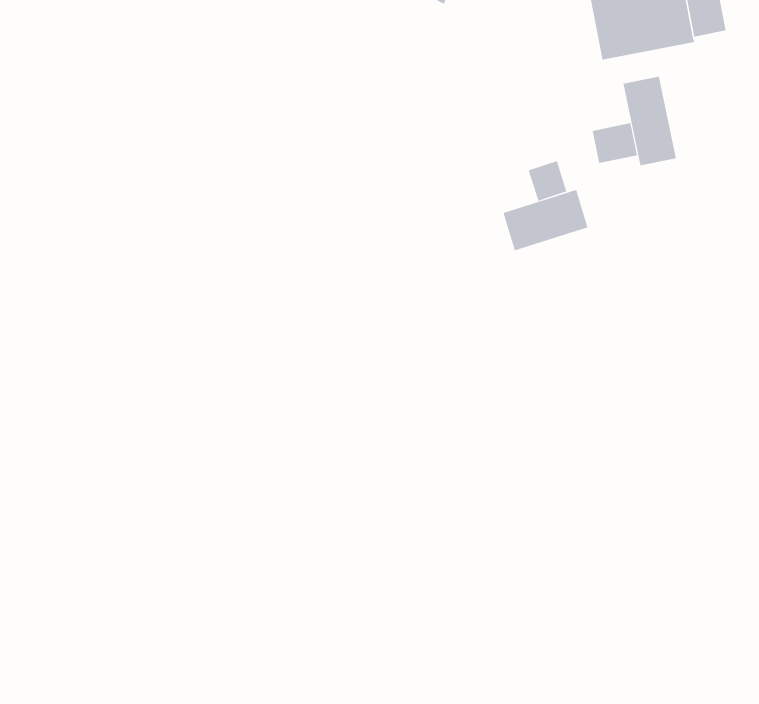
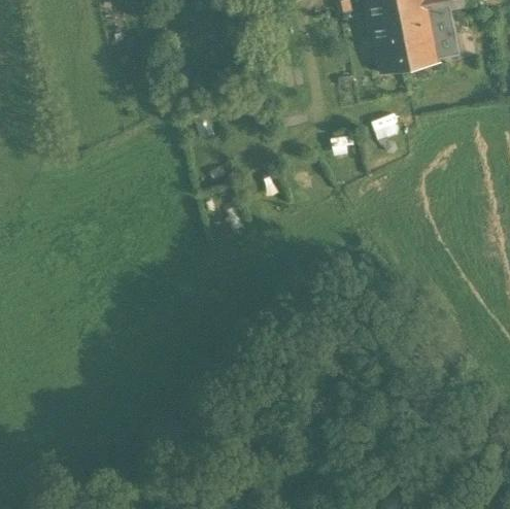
building: [623,76,676,166] -> none
building: [503,189,588,251] -> none

